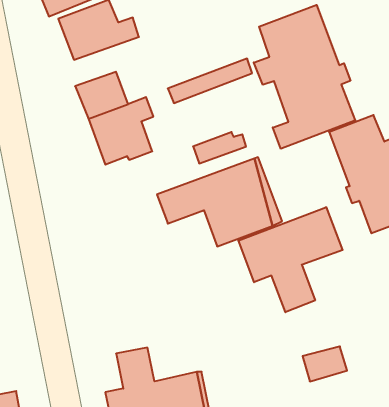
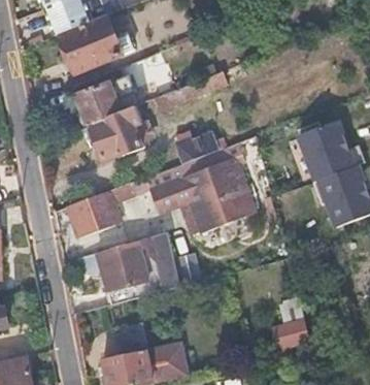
building: [254,5,355,149] -> none
building: none -> [66,182,134,235]
building: [238,207,343,312] -> none
building: none -> [77,232,177,302]

